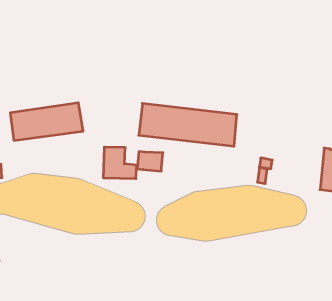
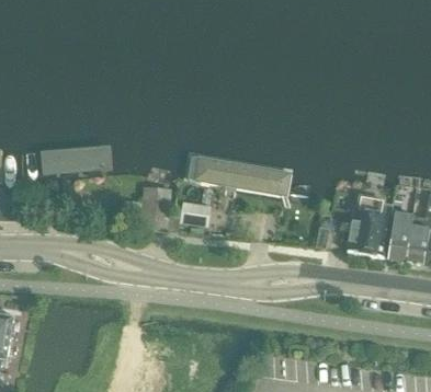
building: none -> [347,195,393,256]

